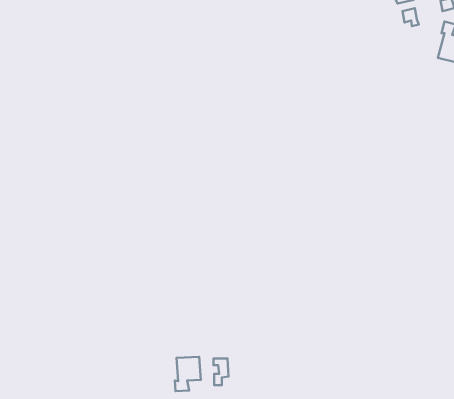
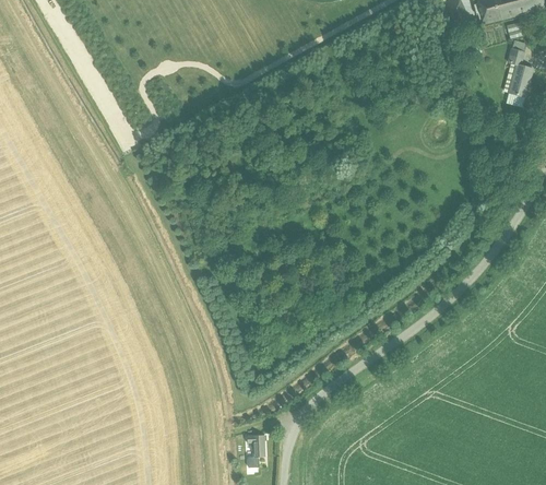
building: [175,357,201,391] -> none

